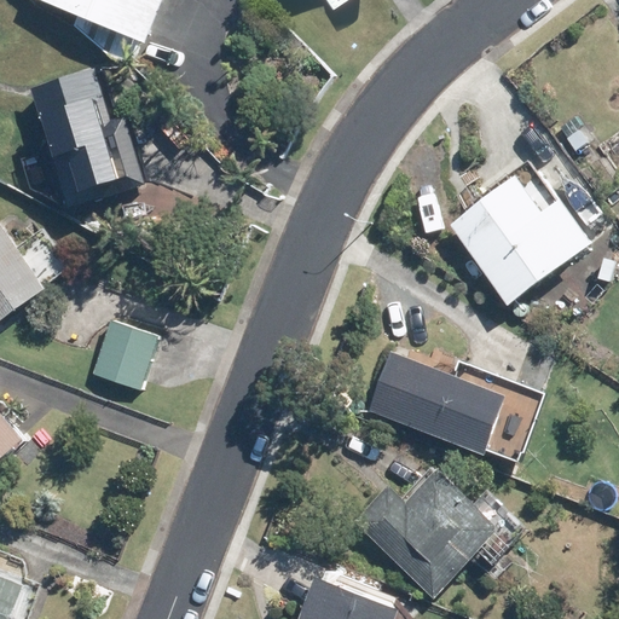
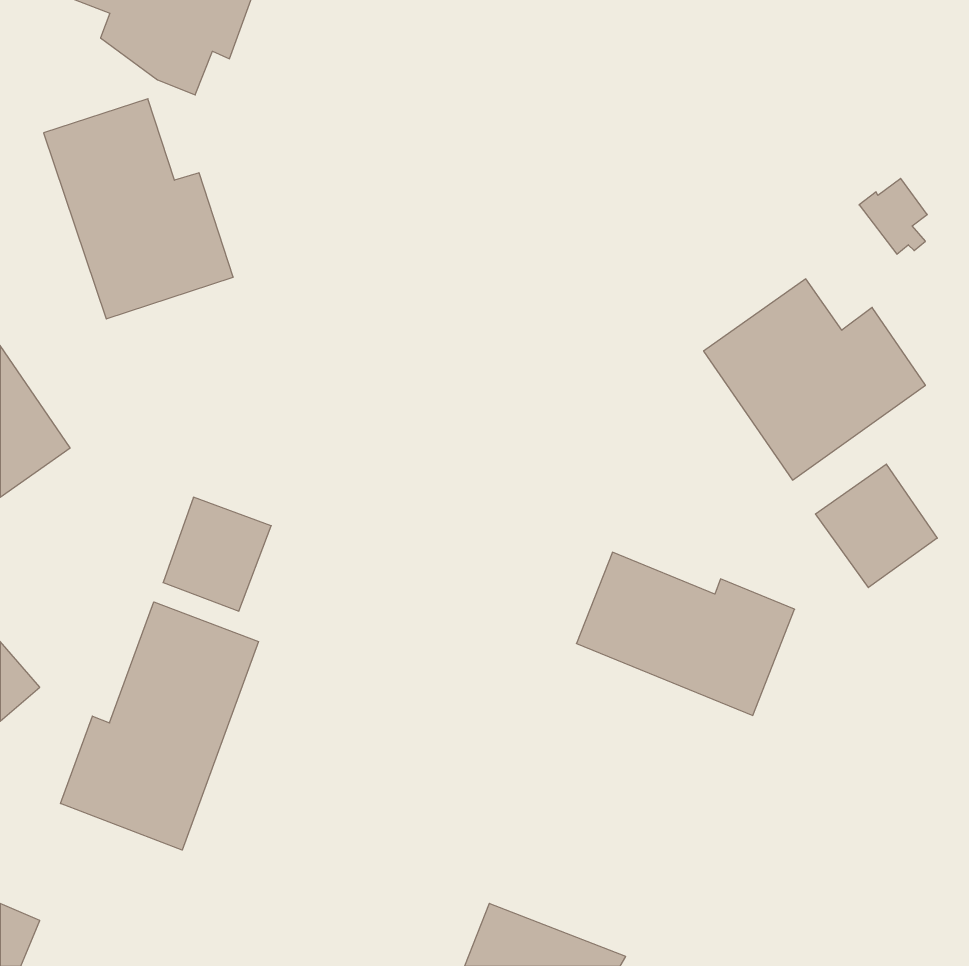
building: none -> [815,464,937,588]
building: none -> [61,602,259,850]
building: [348,467,502,601] -> none

